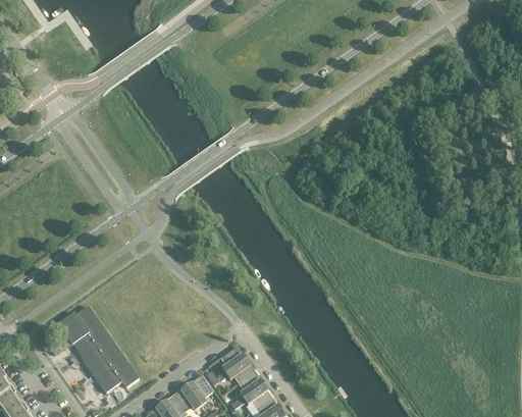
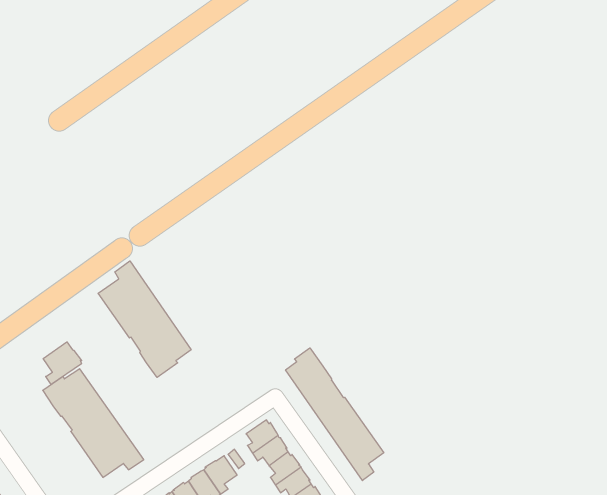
building: none -> [98,261,191,377]
building: none -> [43,342,82,384]
building: none -> [286,348,384,481]

